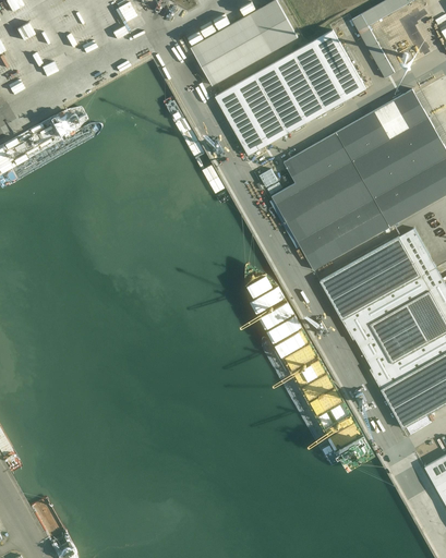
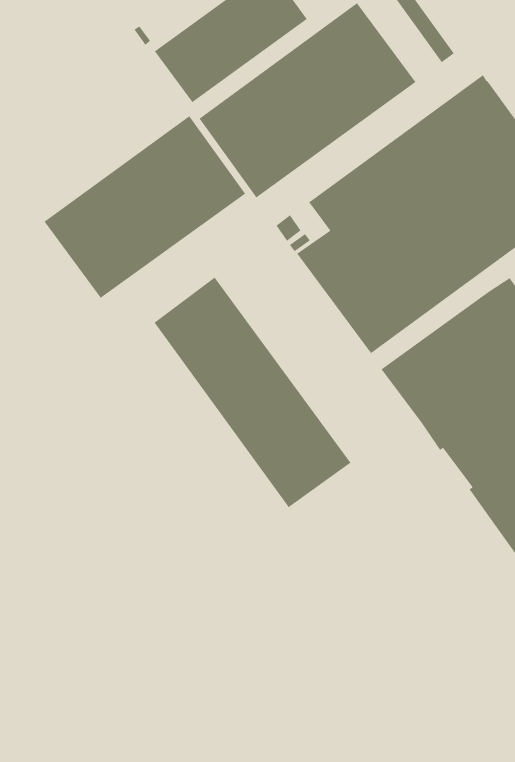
building: none -> [43,115,246,299]
building: none -> [153,277,352,508]

